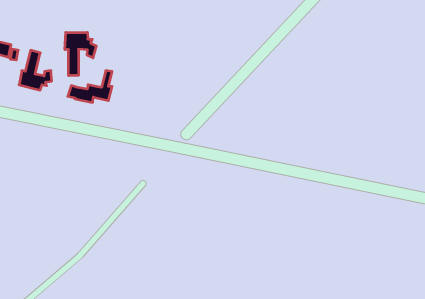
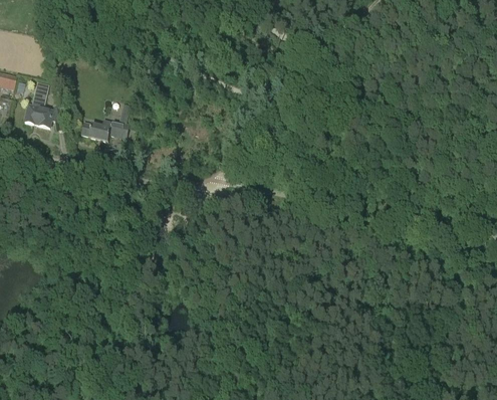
building: [65,32,96,76] -> none

